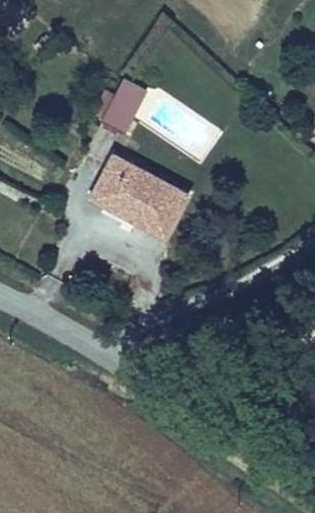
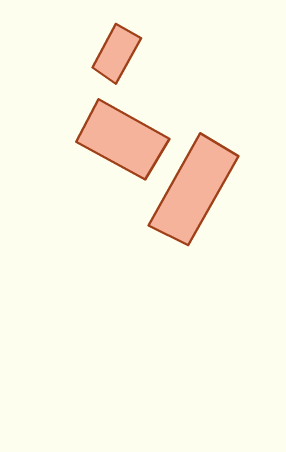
building: none -> [149,133,239,245]

